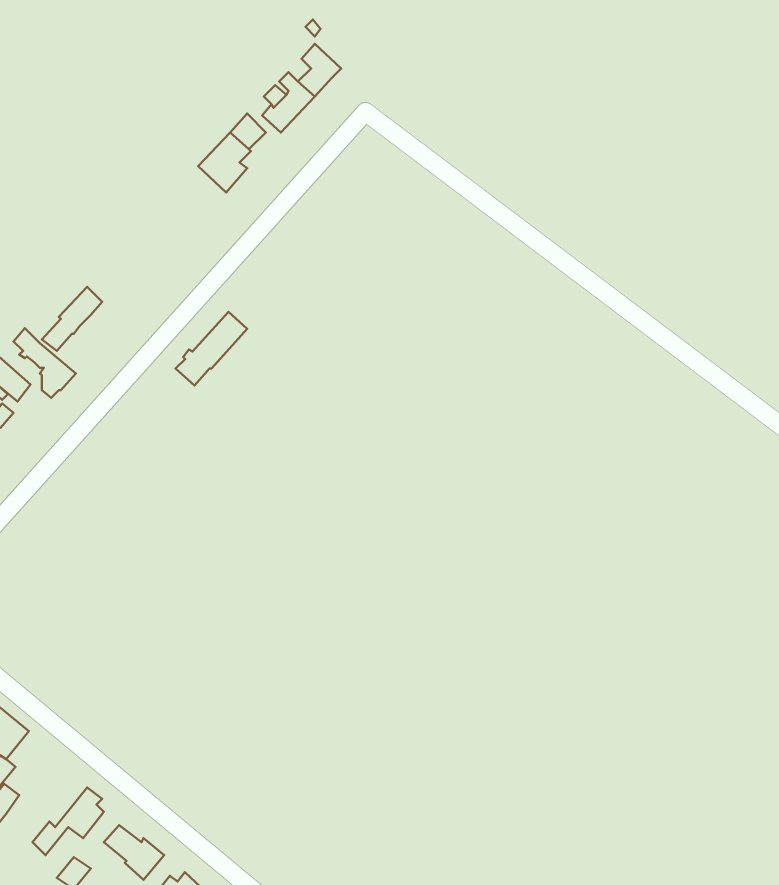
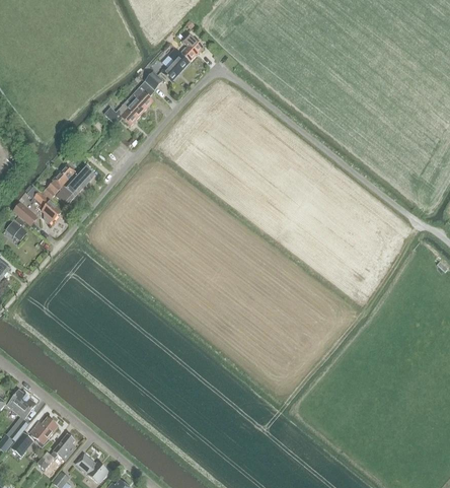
building: none -> [104,98,142,125]
building: [176,312,247,385] -> [56,164,94,204]
building: none -> [29,416,58,445]

